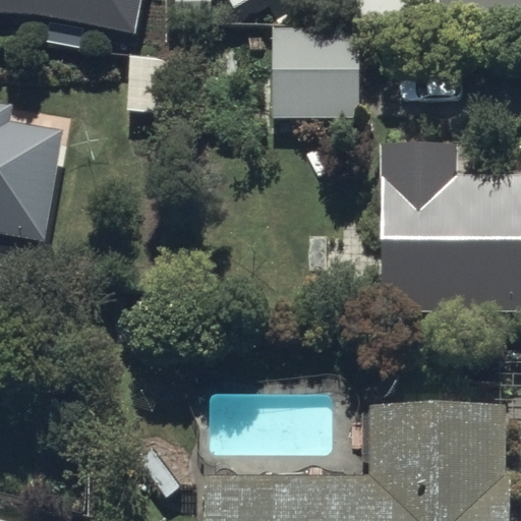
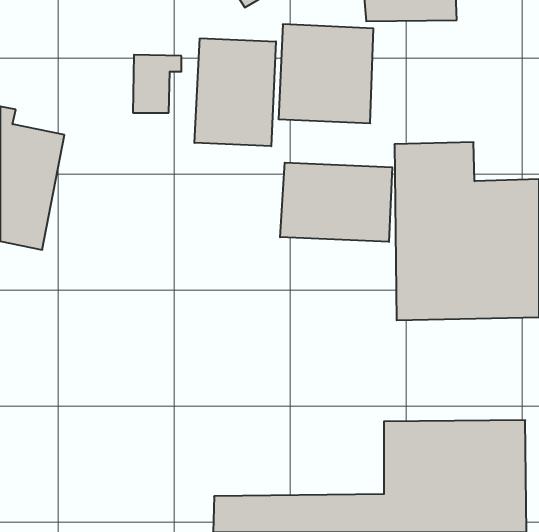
building: none -> [194,38,276,146]
building: none -> [280,163,392,242]

